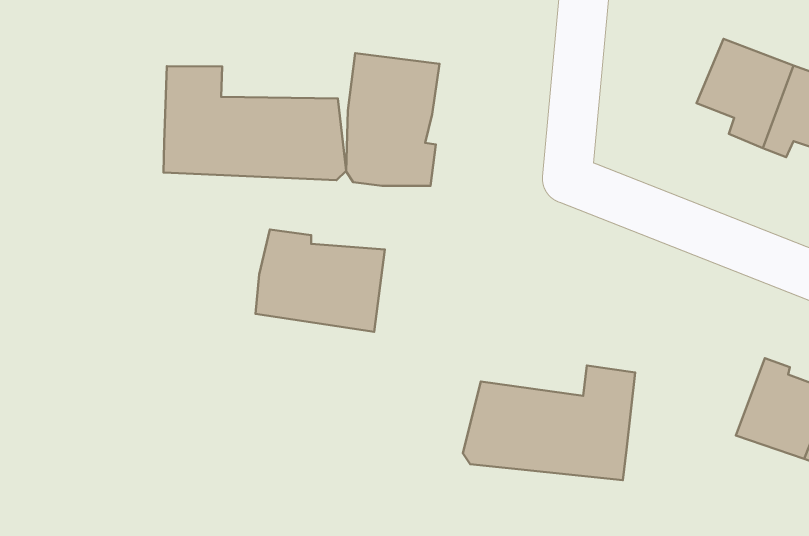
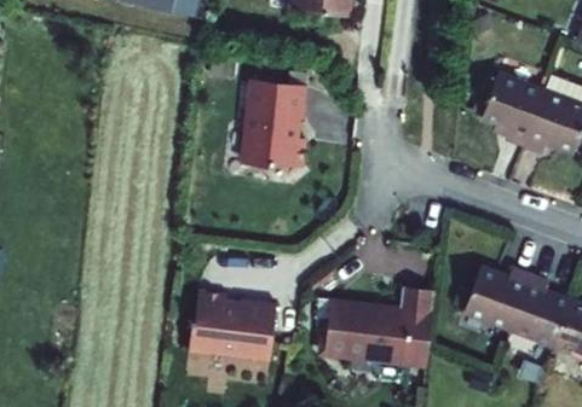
building: [163,66,346,180] -> none
building: [256,230,385,332] -> [188,291,275,360]
building: none -> [457,269,526,335]

